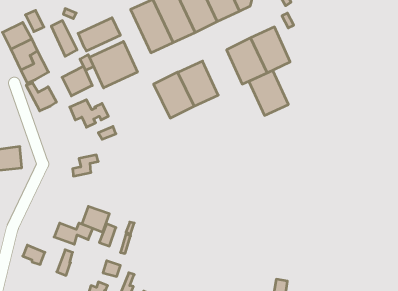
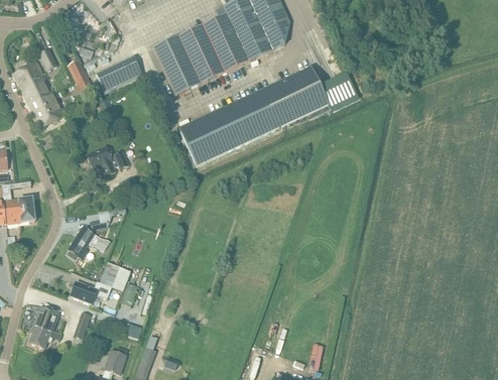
building: [89,41,137,88] -> none
building: [62,66,92,96] -> none
building: [249,70,288,115] -> [232,92,275,141]
building: [26,83,56,111] -> none
building: none -> [67,227,101,260]
building: none -> [28,318,63,349]

